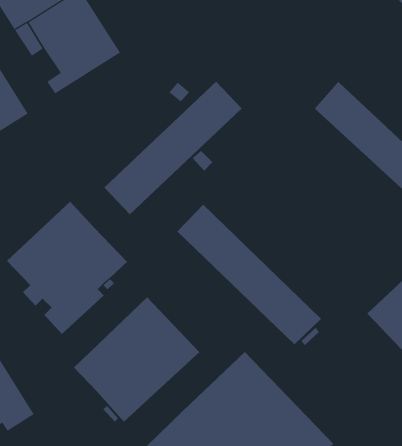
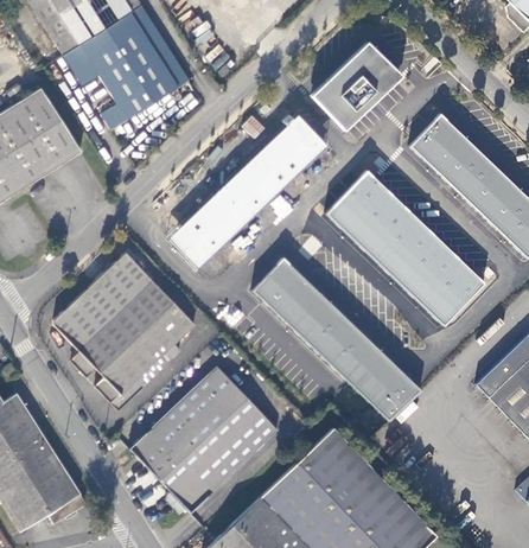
building: none -> [312,44,401,130]
building: none -> [325,171,485,326]

